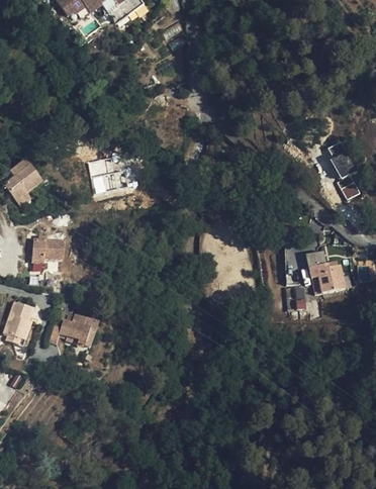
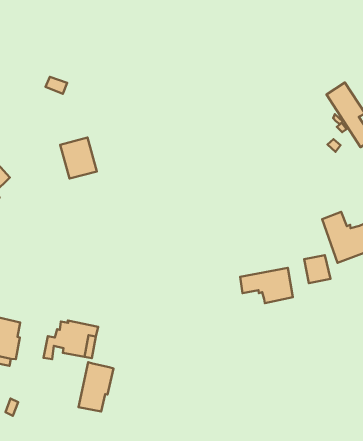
building: [31,239,64,263] -> none
building: none -> [240,268,293,303]
building: none -> [79,362,114,412]

